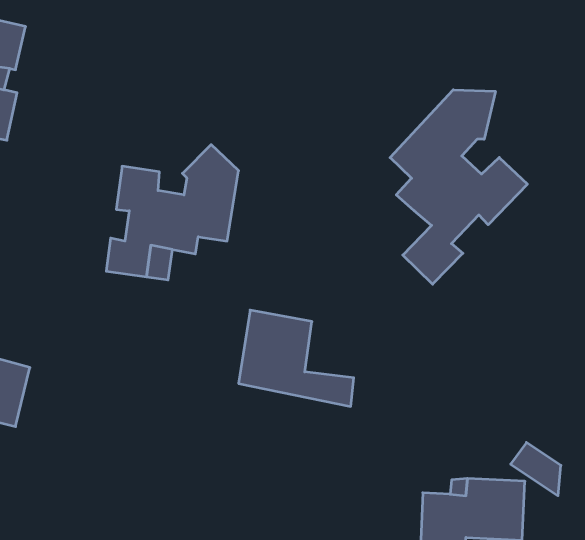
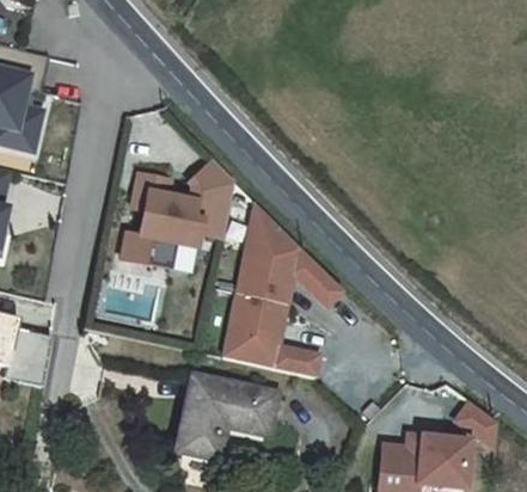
building: [390,90,527,284] -> none
building: none -> [238,204,342,305]
building: none -> [177,379,276,463]

